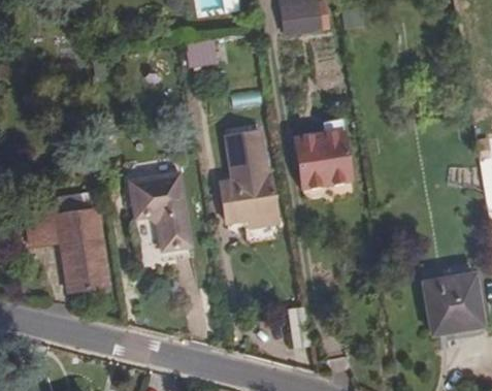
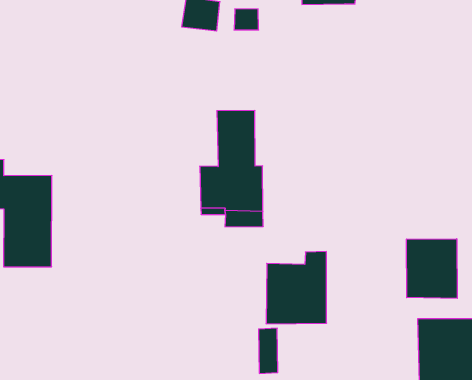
building: [289,120,347,188] -> [266,252,327,324]
building: [131,172,193,250] -> none
building: none -> [407,239,457,298]

